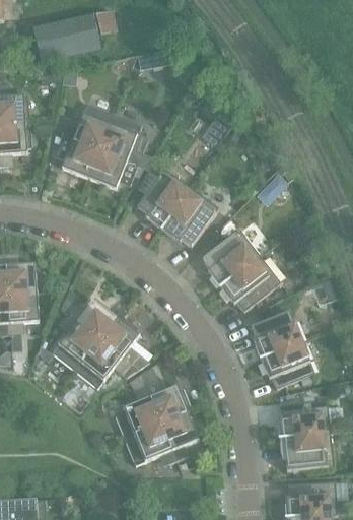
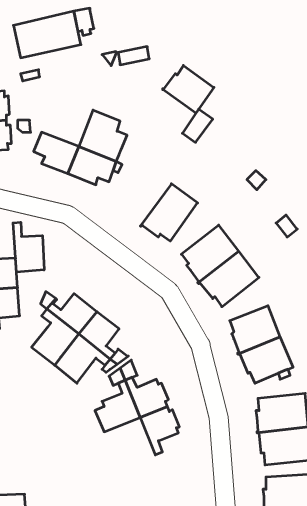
building: none -> [163,65,214,113]
building: [61,104,113,150] -> none
building: [136,169,192,231] -> none
building: none -> [13,222,44,272]
building: [124,424,175,465] -> none

